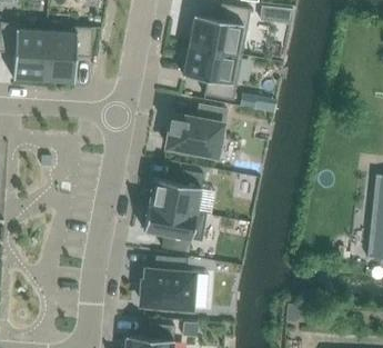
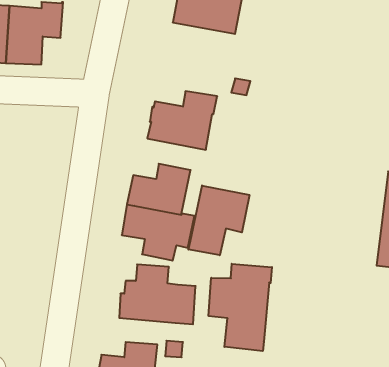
building: [183,46,243,101] -> none
building: none -> [188,185,249,255]
building: none -> [209,264,272,351]

